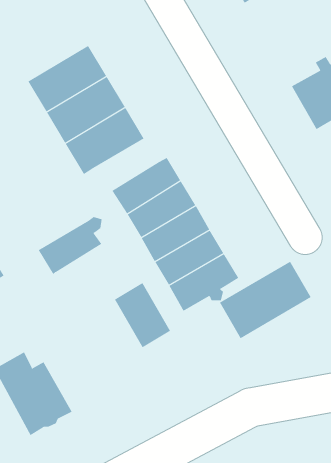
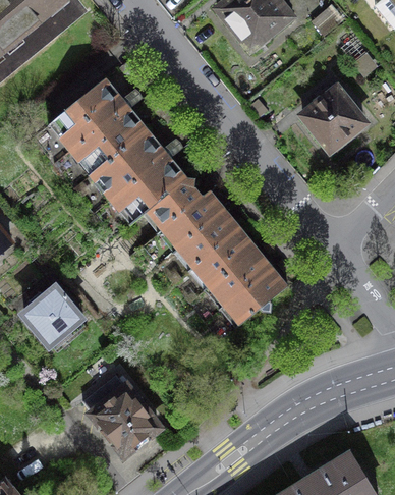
building: none -> [53,81,122,147]
building: [38,216,103,275] -> [144,176,199,232]
building: [219,261,311,339] -> none
building: [114,282,171,348] -> none

